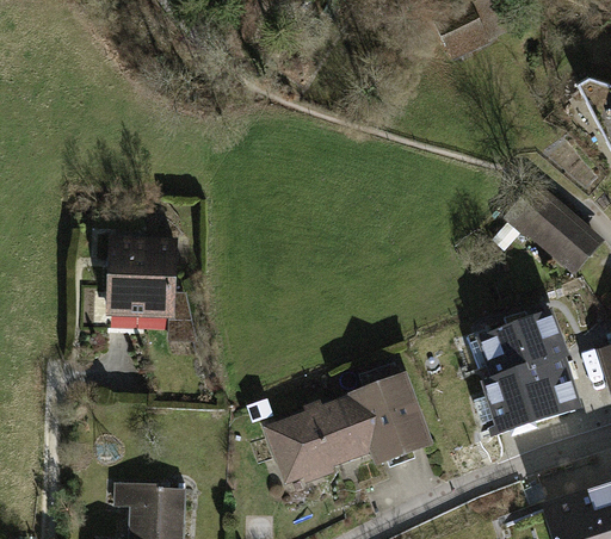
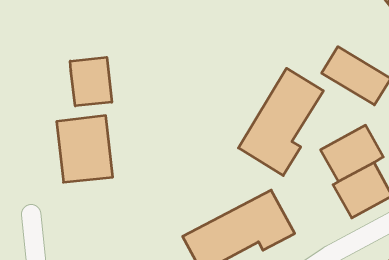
building: none -> [70,57,112,106]
building: none -> [238,68,323,176]

